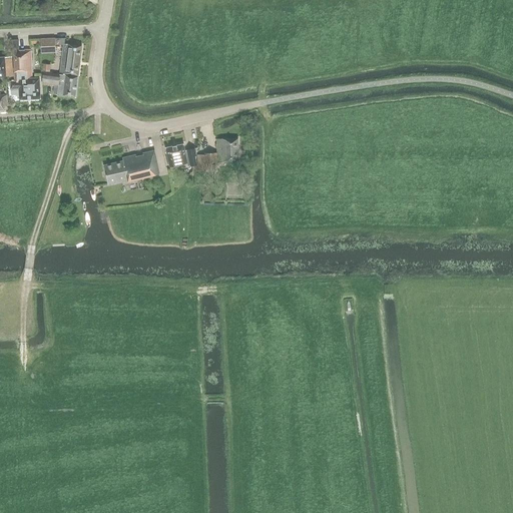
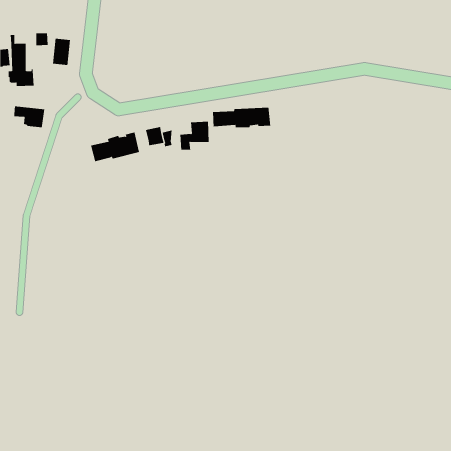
building: [41,71,77,96] -> [13,106,45,128]
building: none -> [212,107,271,128]

